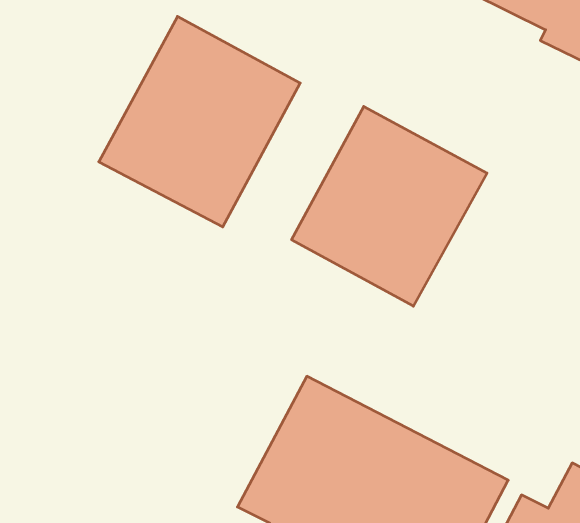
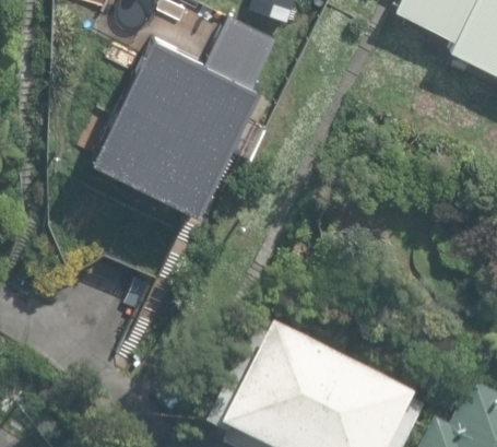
building: [292,106,487,306] -> none

